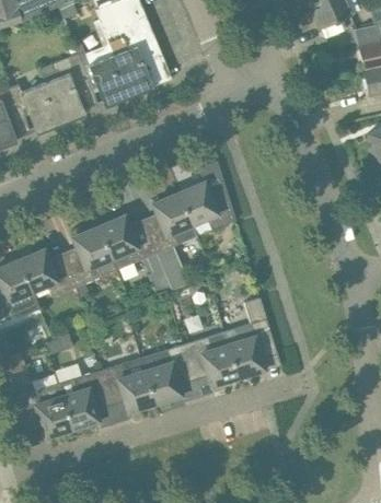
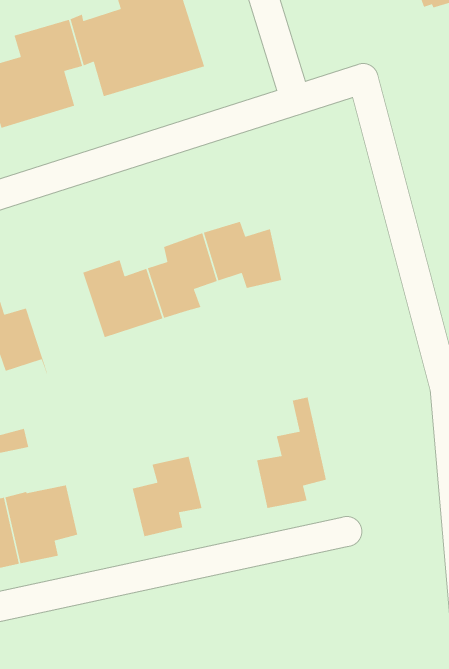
building: [64,225,118,296] -> none
building: [158,246,189,289] -> none
building: [183,331,239,385] -> none
building: [101,356,157,411] -> none

